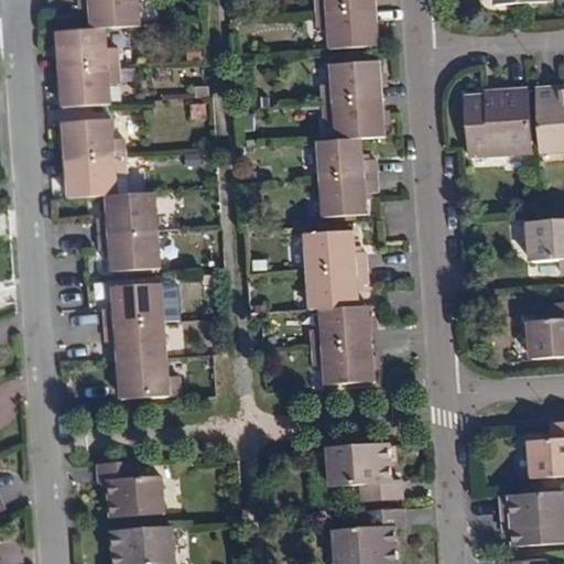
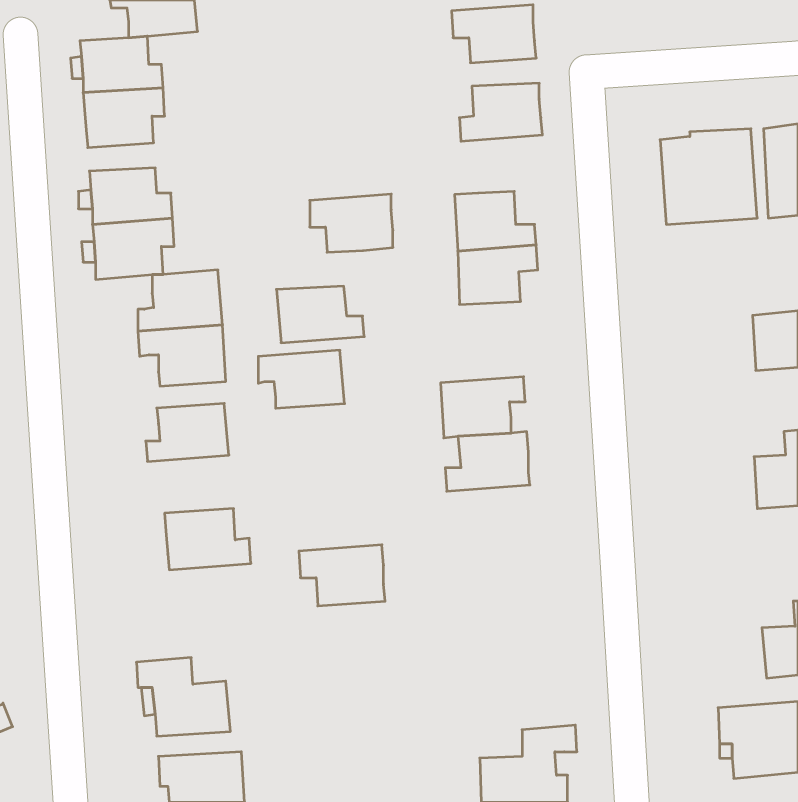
building: [324,95,382,135] -> [310,194,393,252]
building: [306,229,368,269] -> [276,286,364,343]
building: [104,319,164,360] -> [258,350,345,408]
building: [314,340,375,383] -> [299,545,385,606]
building: [330,444,403,501] -> none

